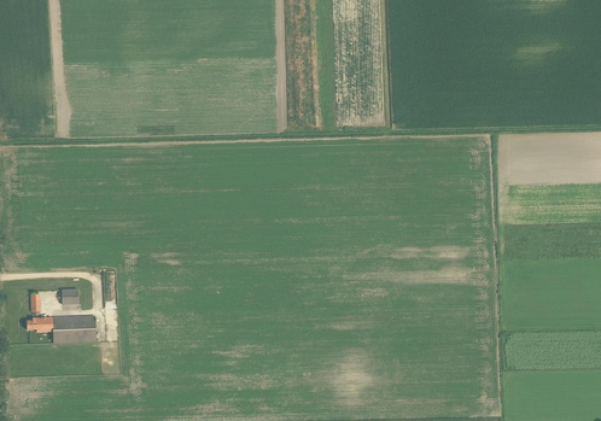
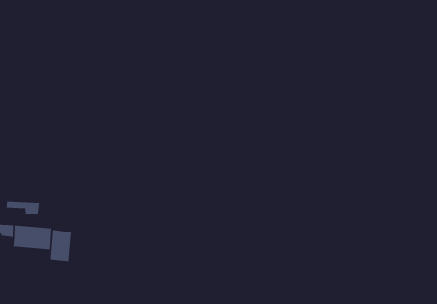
building: none -> [50,230,72,262]

